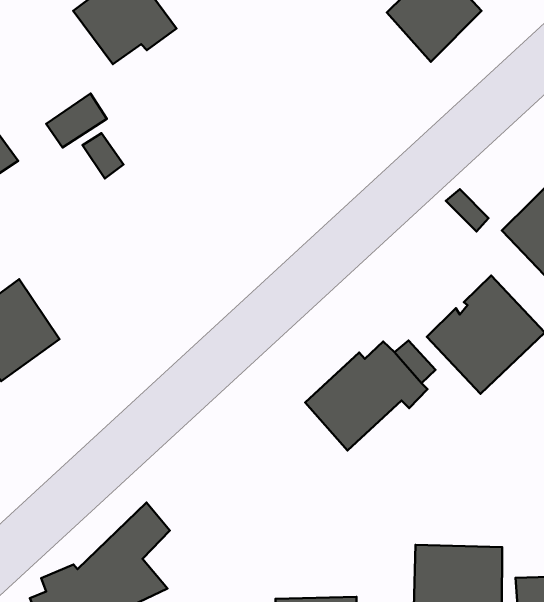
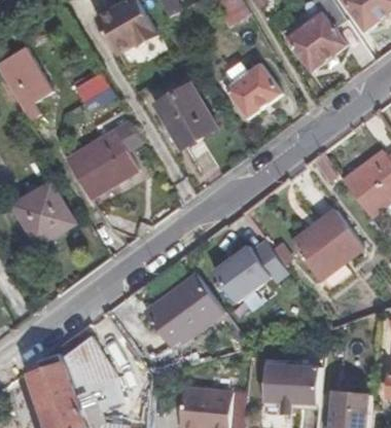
building: none -> [220,65,279,118]
building: none -> [156,82,217,147]
building: none -> [66,120,139,195]
building: none -> [143,275,222,346]

